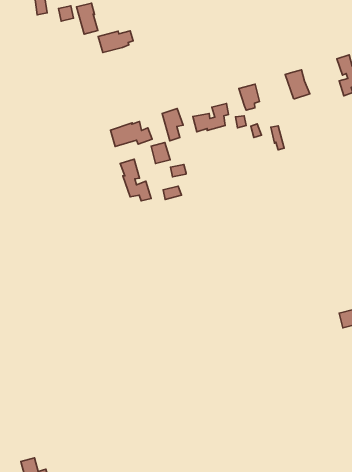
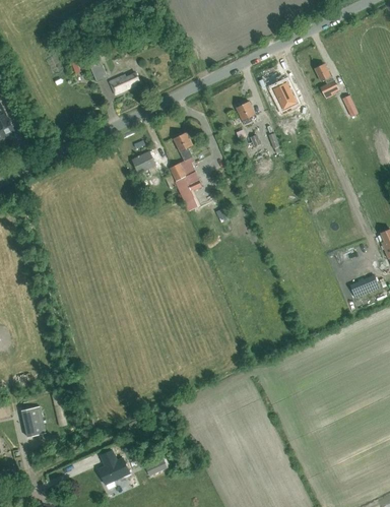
building: [193,104,229,132] -> none
building: [120,159,151,201] -> none

